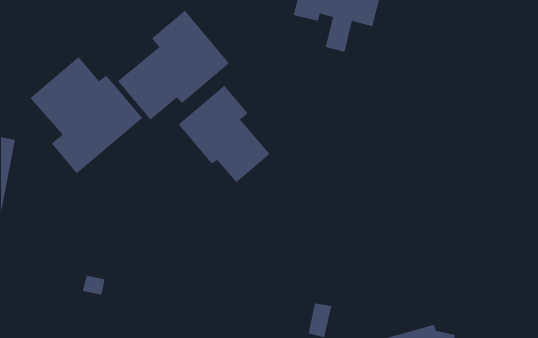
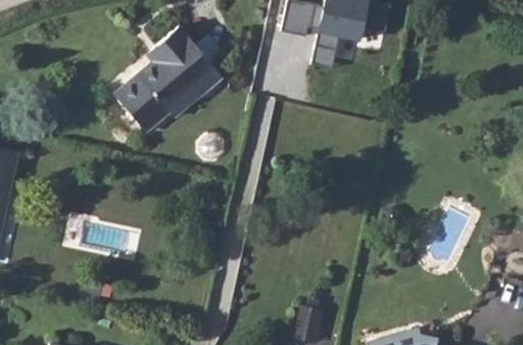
building: [30,56,143,174] -> none
building: [178,85,271,183] -> none

